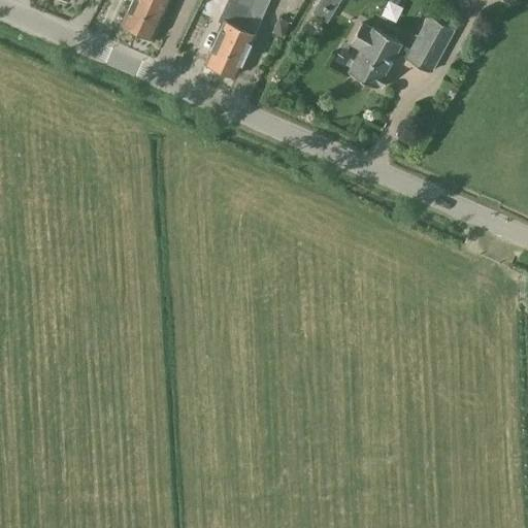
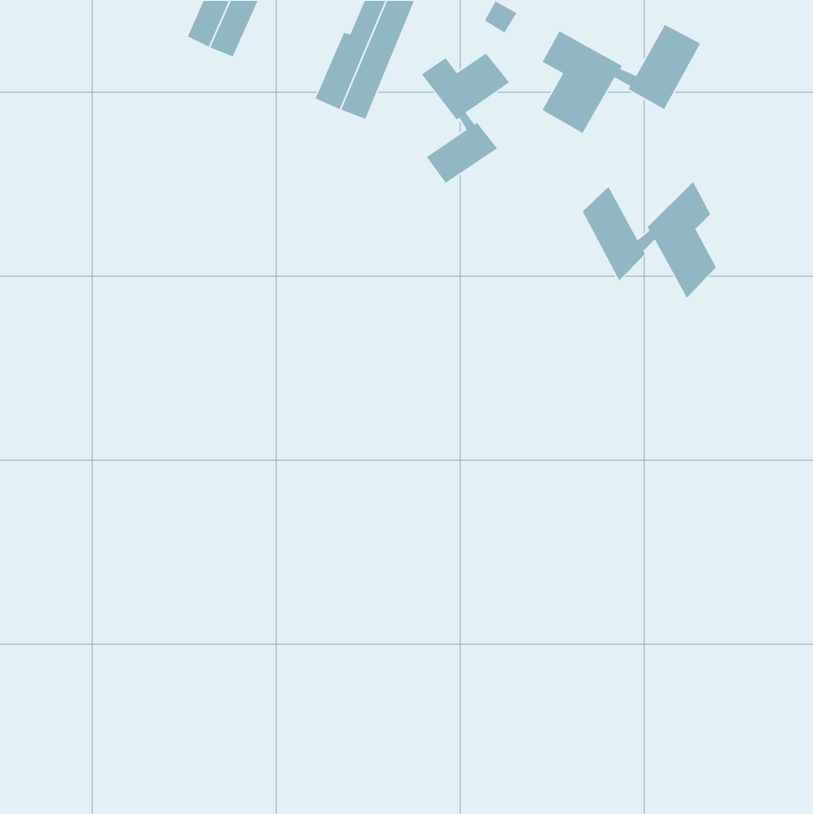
building: none -> [421,52,510,184]
building: none -> [582,181,717,299]

